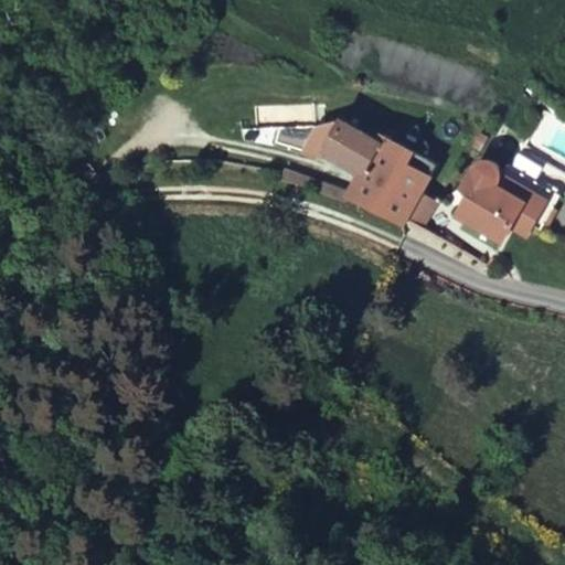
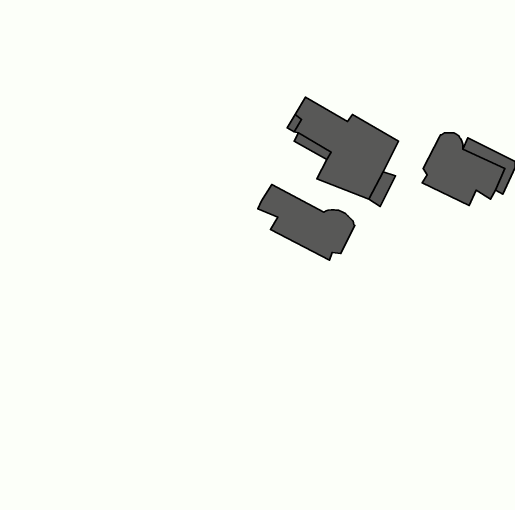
building: none -> [258,184,355,260]

